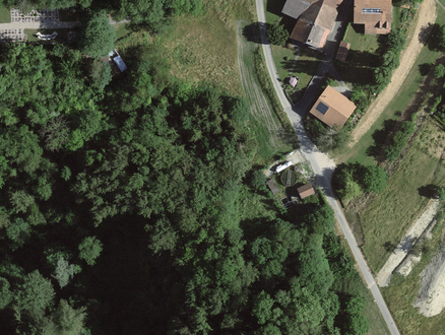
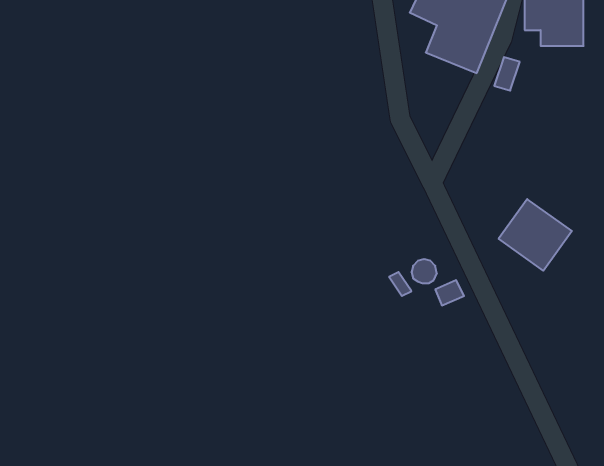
building: [309,85,356,131] -> [499,199,572,271]

